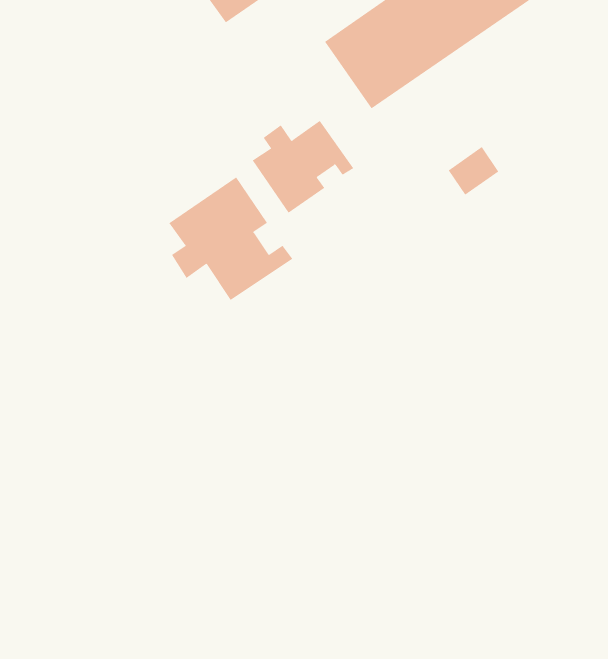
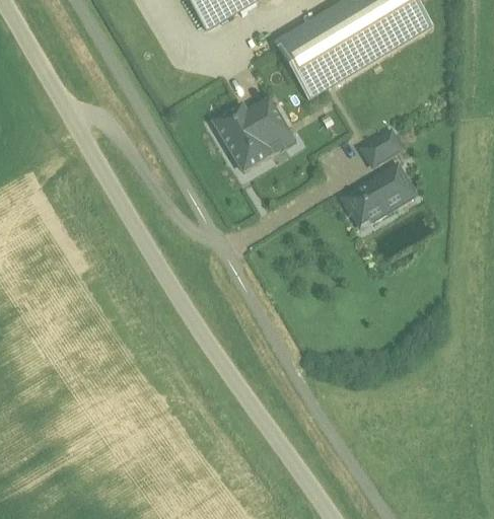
building: [169,176,293,302] -> none
building: none -> [346,164,410,222]

